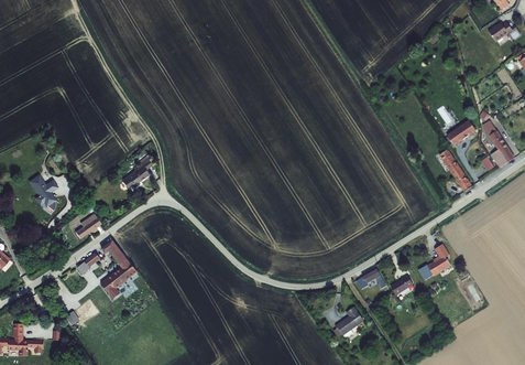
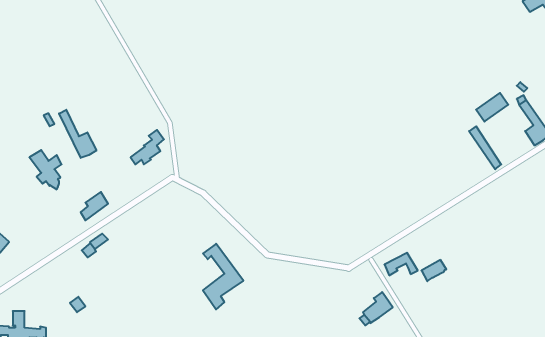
building: none -> [59,110,96,158]
building: [102,237,140,298] -> [203,244,243,309]
building: [419,243,453,279] -> none

